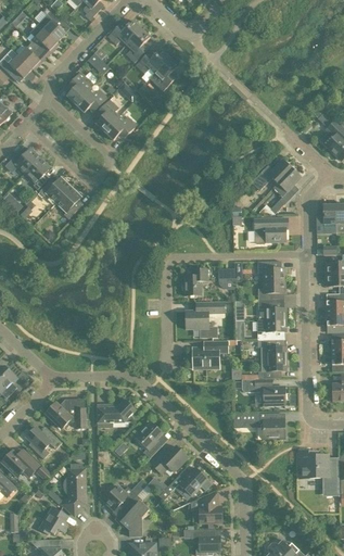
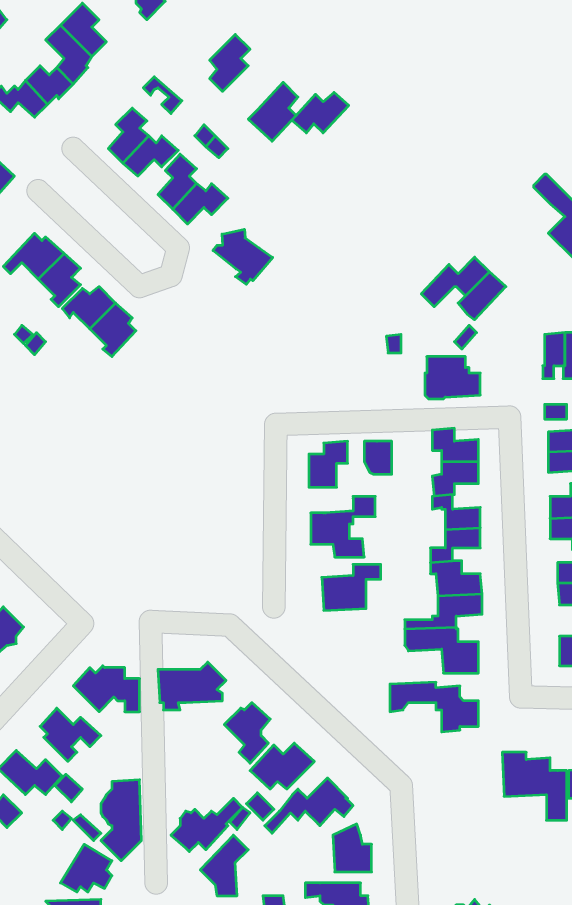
building: [107,20,141,45] -> none
building: [136,49,169,73] -> [292,92,349,133]
building: none -> [213,229,273,284]

